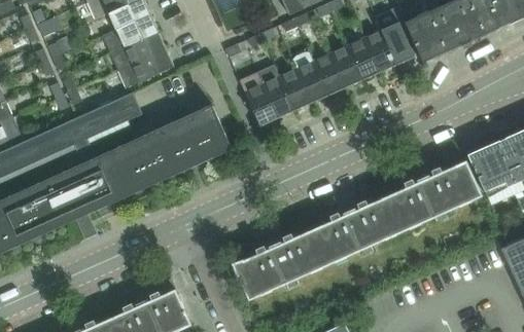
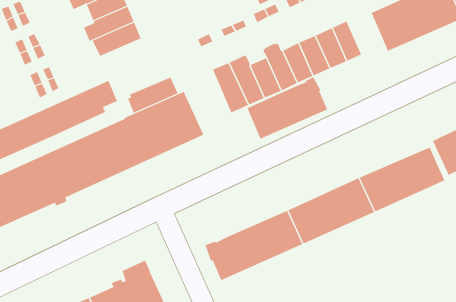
building: [379,23,414,66] -> none
building: [120,49,174,87] -> [127,77,179,114]
building: none -> [247,76,328,140]

